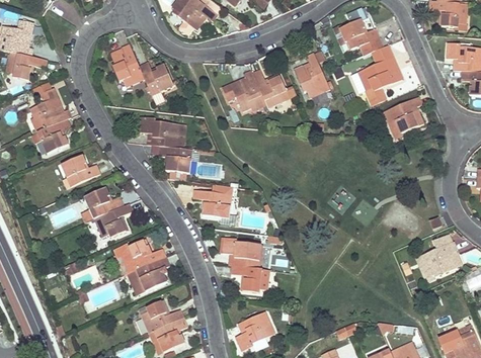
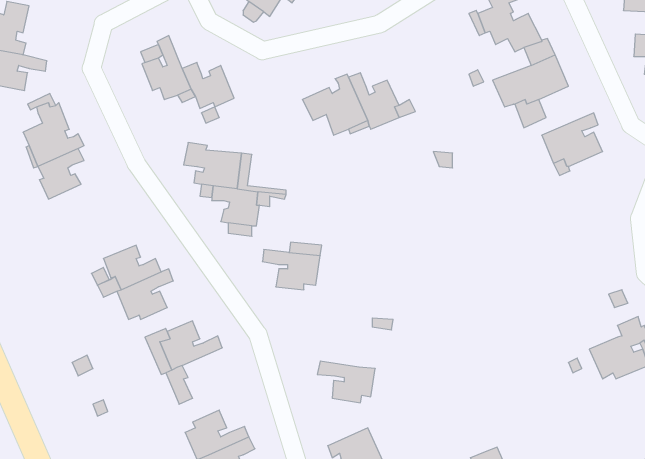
building: [294,52,330,97] -> none
building: [62,156,101,186] -> none
building: [221,237,262,269] -> none
building: [139,256,171,290] -> none

